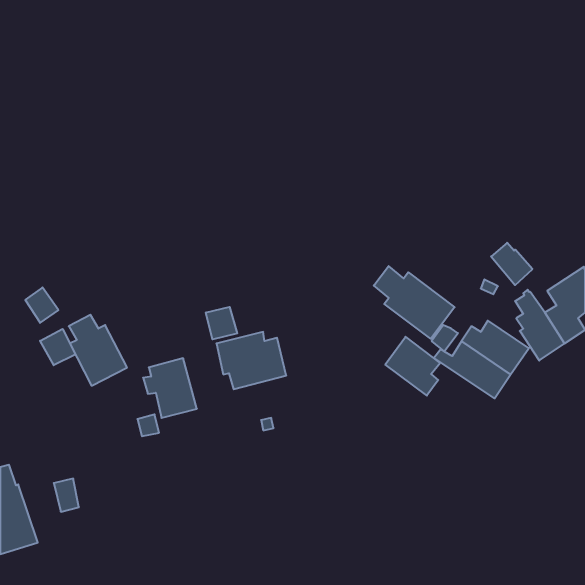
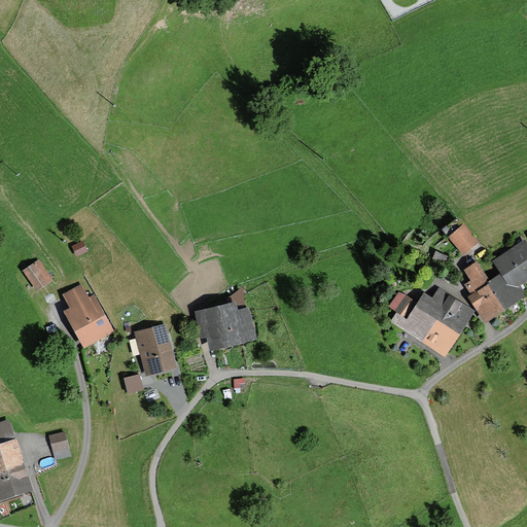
building: [374,266,455,339] -> none
building: [206,307,237,339] -> none
building: [40,329,76,365] -> none
building: [385,337,440,396] -> none

